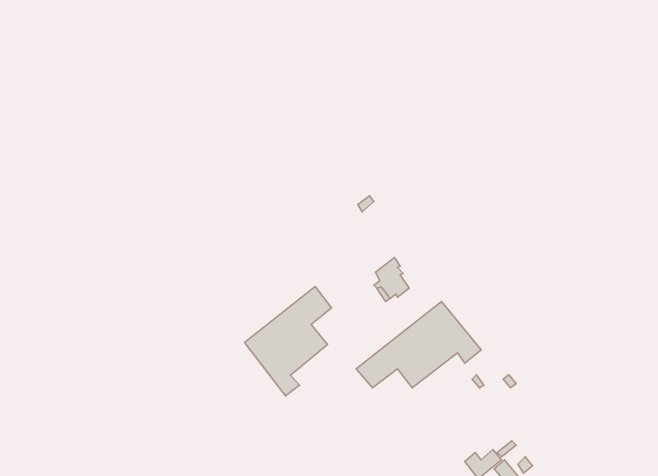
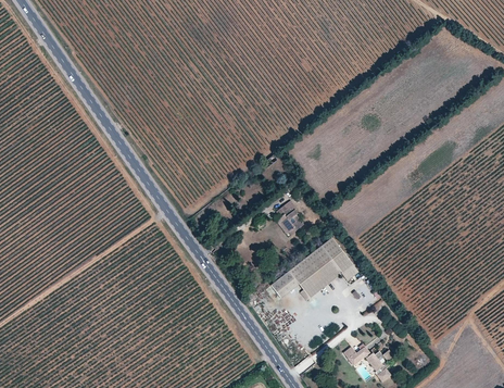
building: [244,286,331,396] -> none

